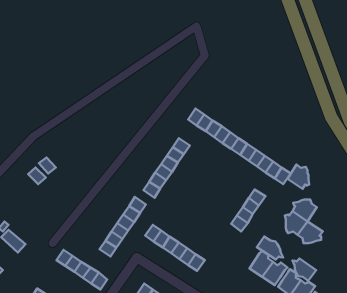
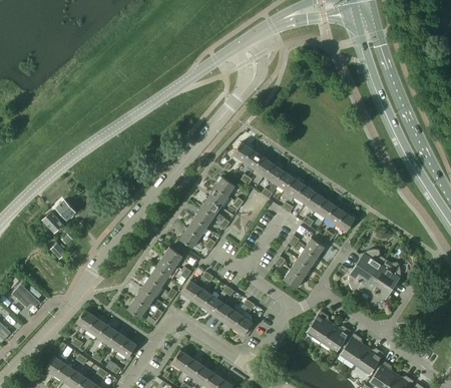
building: [287,164,309,189] -> [375,260,401,289]
building: [257,236,283,260] -> none
building: [293,258,316,281] -> none

